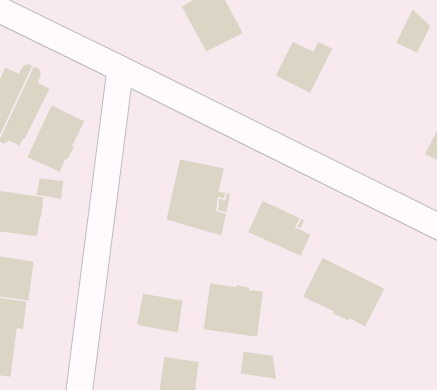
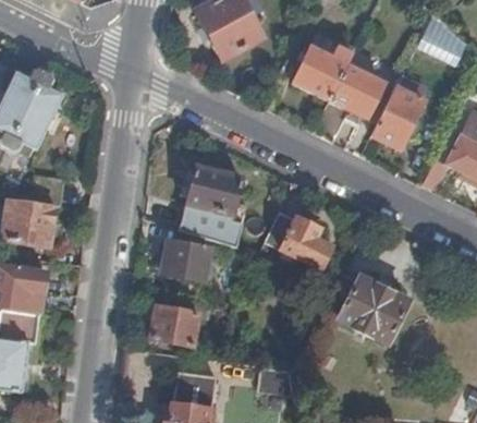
building: none -> [329,63,384,118]
building: none -> [372,76,426,148]
building: [26,105,86,173] -> none
building: none -> [161,241,210,281]
building: [203,282,264,338] -> none

